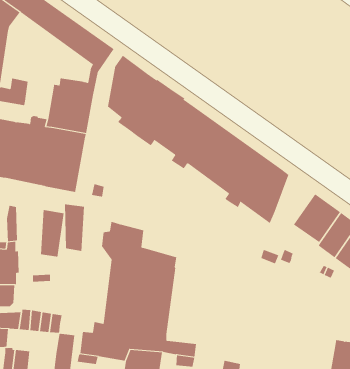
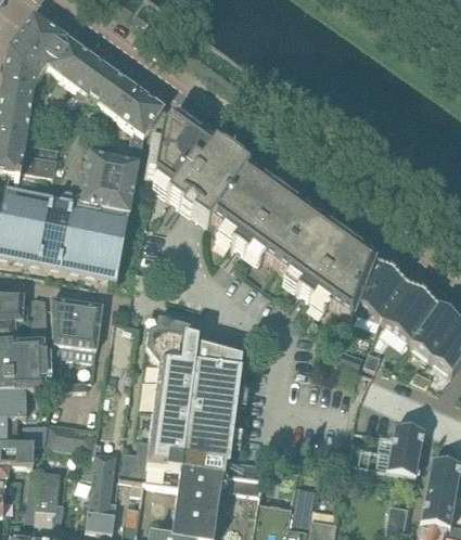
building: none -> [359,257,407,317]
building: [64,204,85,251] -> [52,296,77,353]
building: none -> [346,423,425,476]

